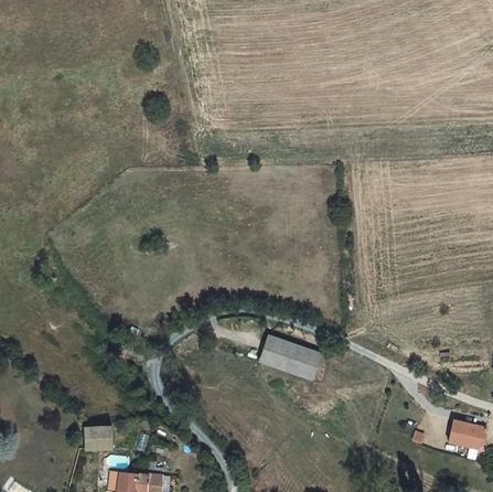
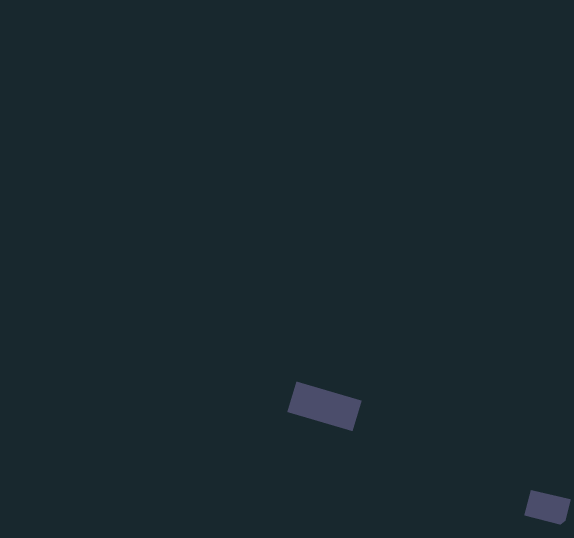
building: [87,428,115,452] -> none

